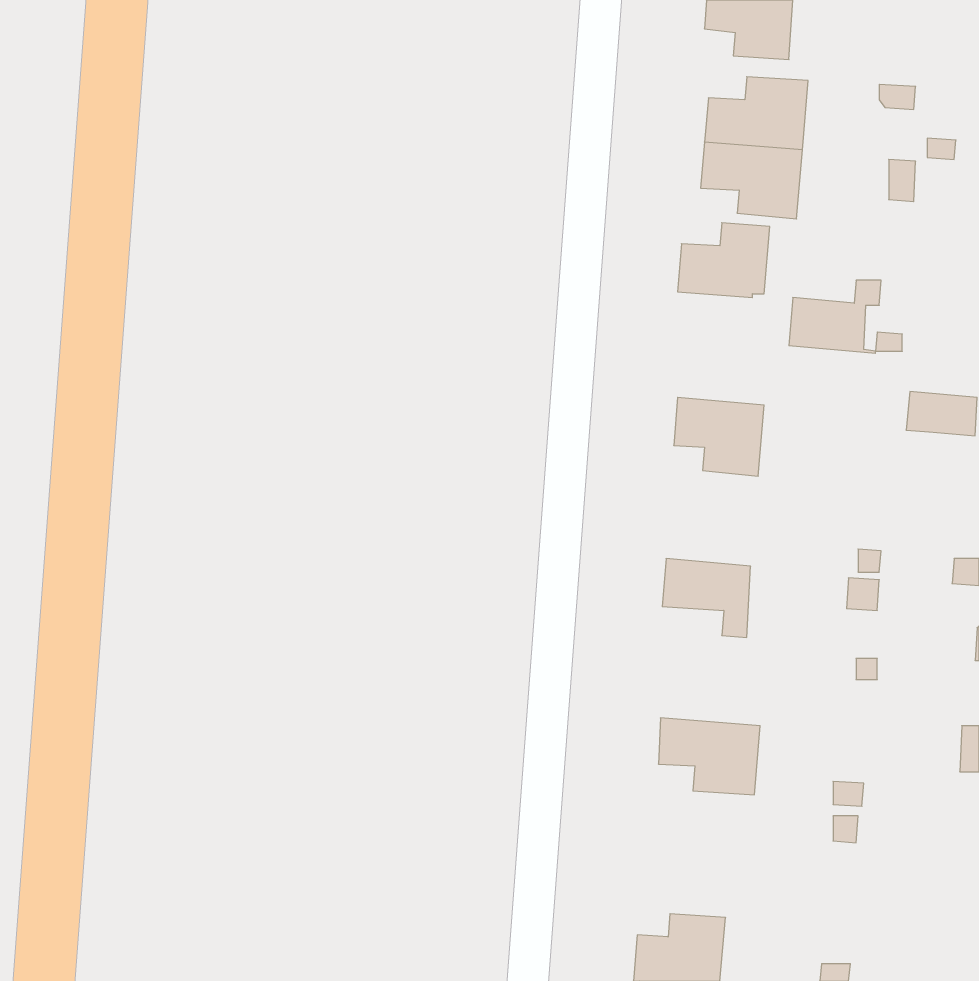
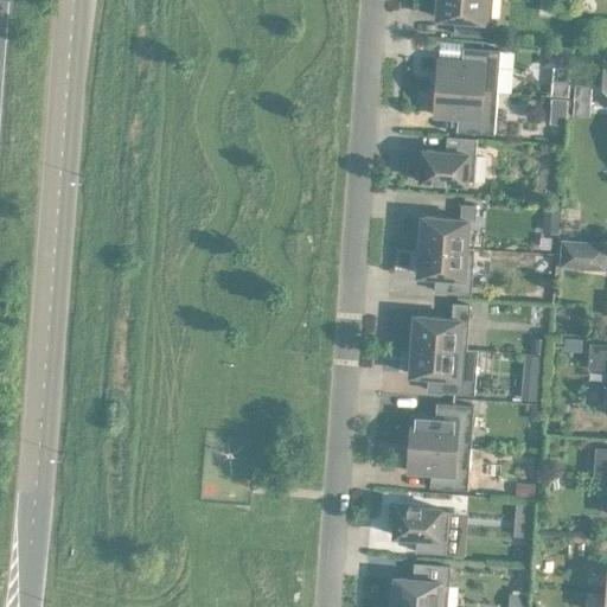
building: [789,280,881,353] -> [418,205,475,250]
building: none -> [411,304,467,350]
building: none -> [408,403,472,448]
building: none -> [391,505,447,555]

